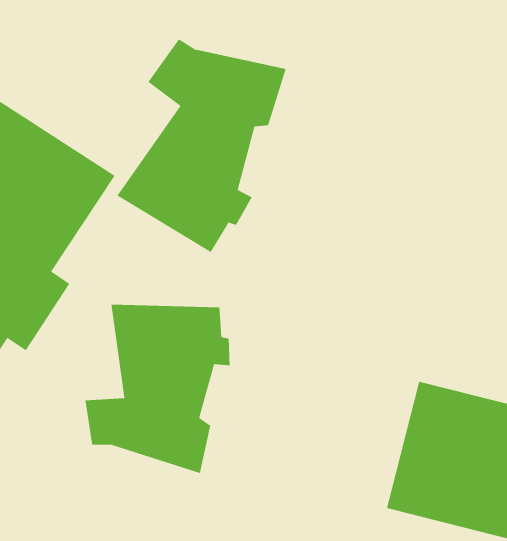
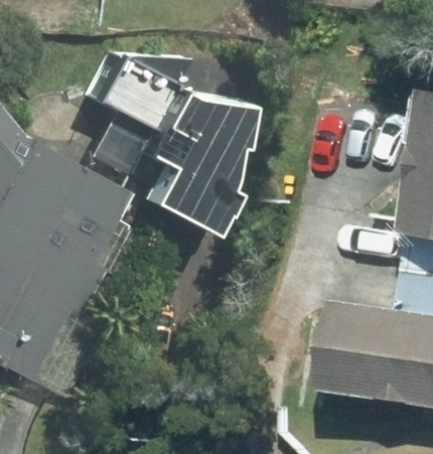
building: [85,304,230,474] -> none

